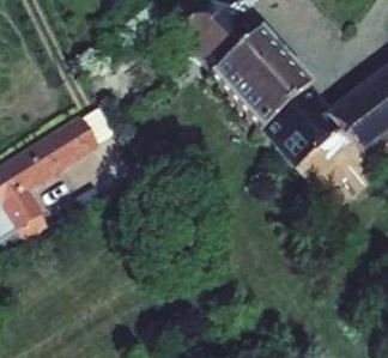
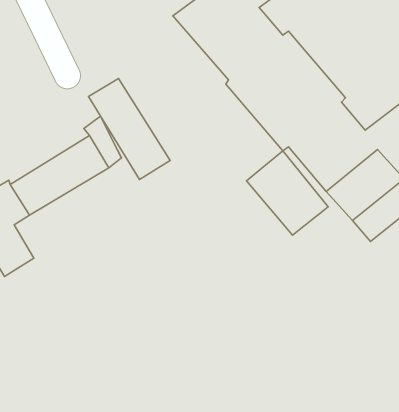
building: none -> [88,79,170,179]
building: none -> [247,151,328,235]

